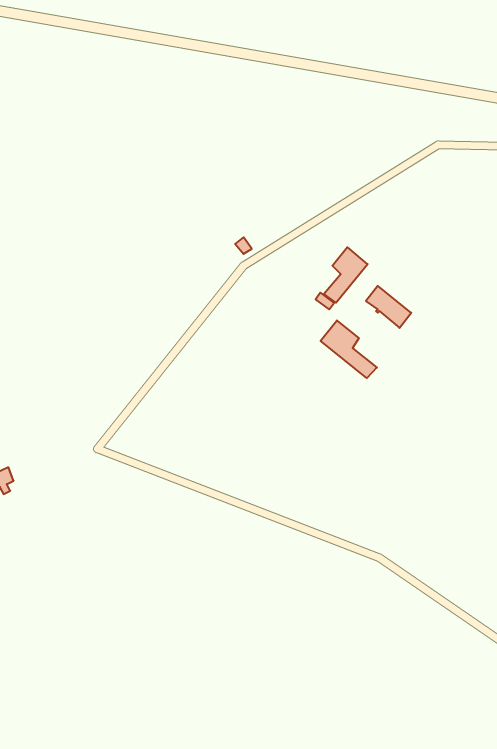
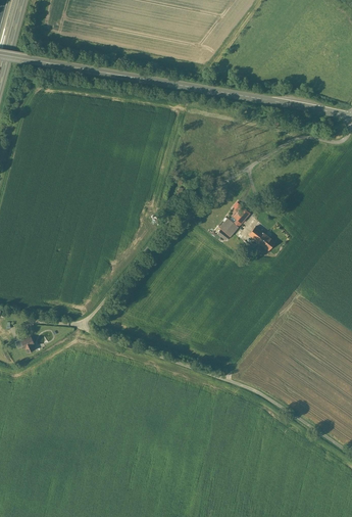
building: [321,320,377,378] -> none

